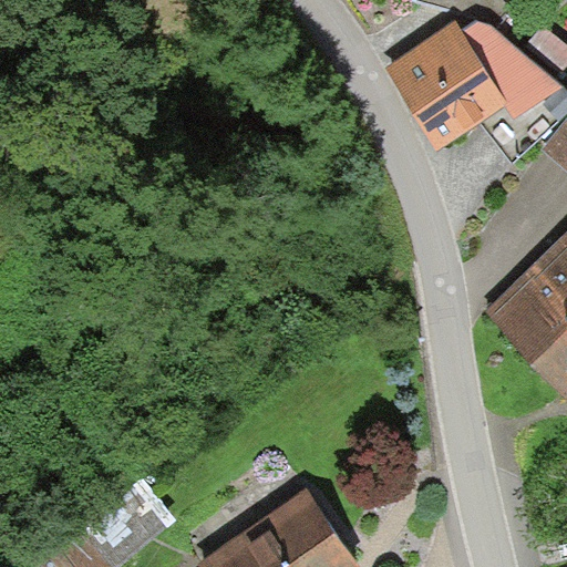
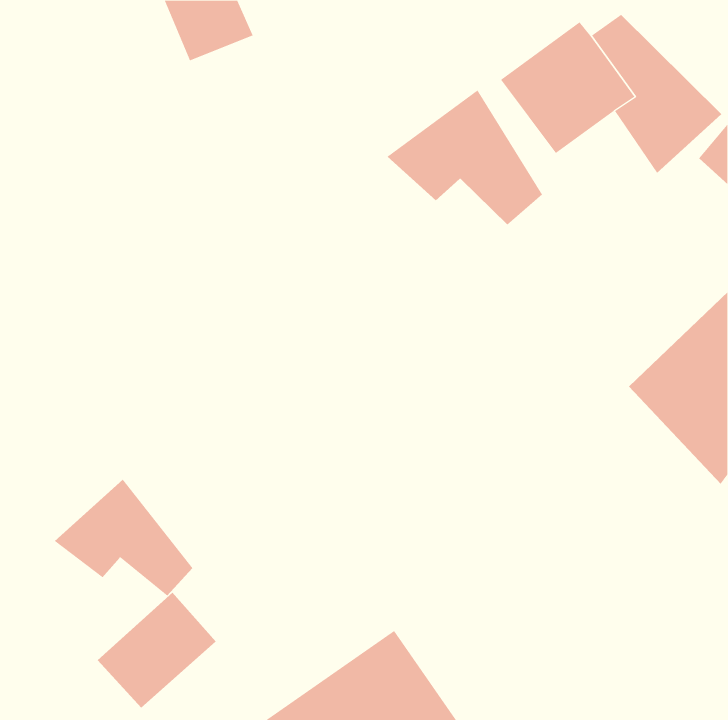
building: none -> [386,90,543,225]
building: none -> [54,479,193,596]

